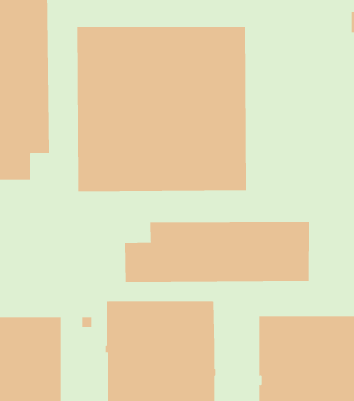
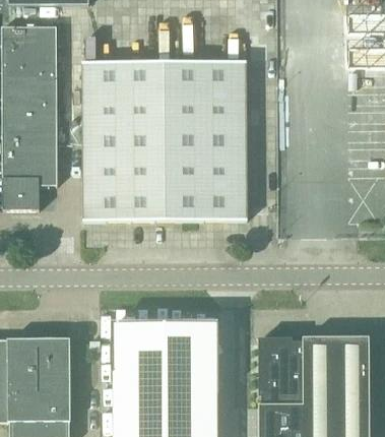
building: [125,221,309,283] -> none

